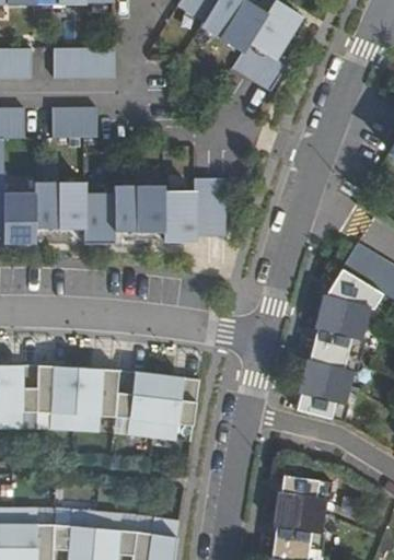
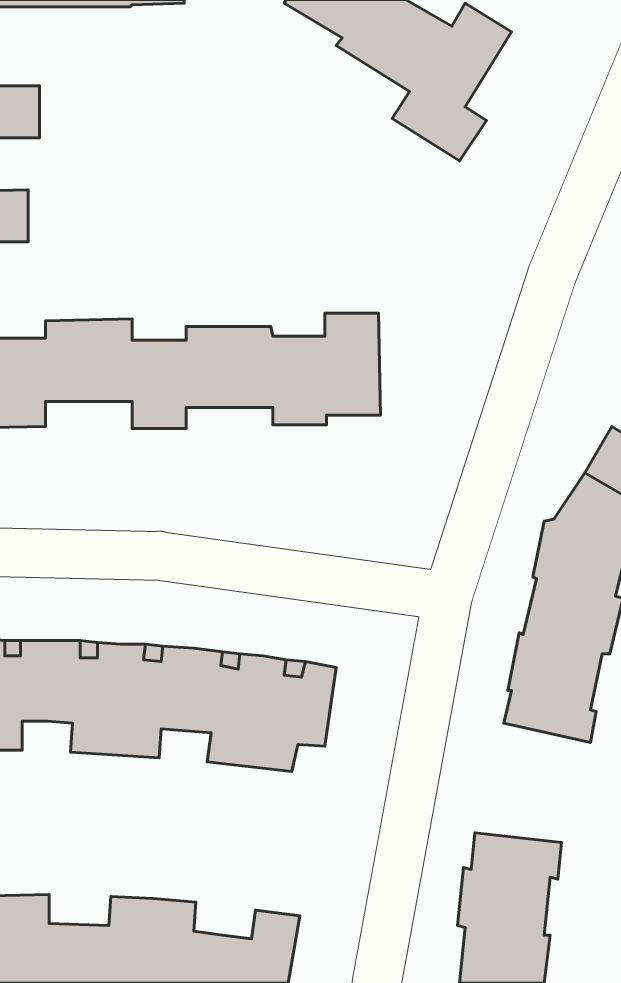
building: [55,48,116,79] -> none
building: [54,108,98,138] -> none

